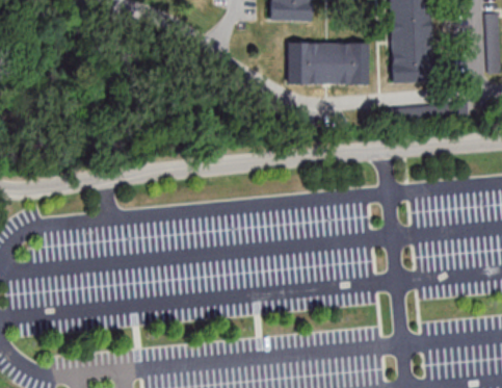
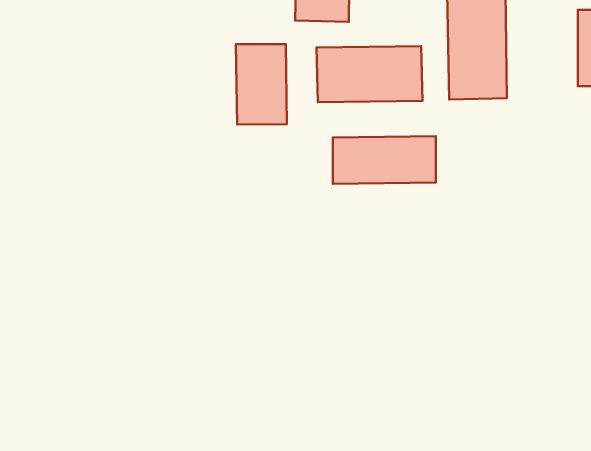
building: none -> [236,44,287,124]
building: none -> [333,136,436,184]

